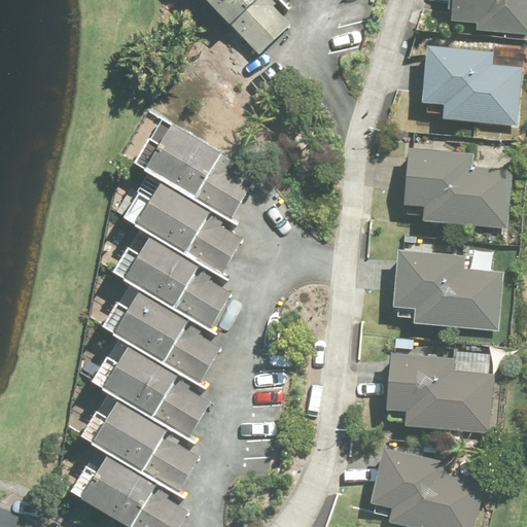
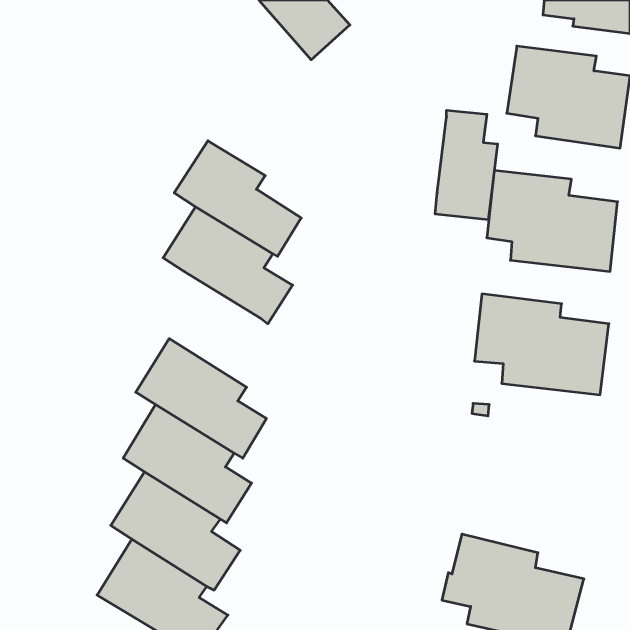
building: none -> [435,110,498,220]
building: [125,230,229,328] -> none
building: [383,350,493,433] -> none

